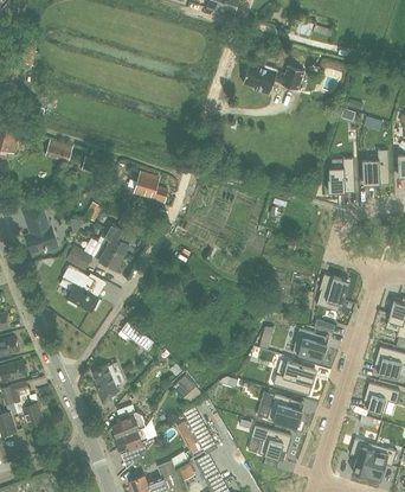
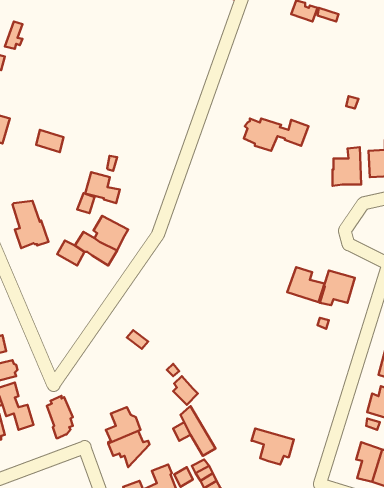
building: [243,63,304,94] -> [244,119,308,151]
building: [135,172,168,202] -> [85,172,120,203]
building: [63,264,102,312] -> none
building: [291,328,327,362] -> [287,267,325,302]
building: [274,360,317,395] -> none
building: [94,363,118,403] -> [47,396,73,438]
building: [268,394,302,428] -> none

